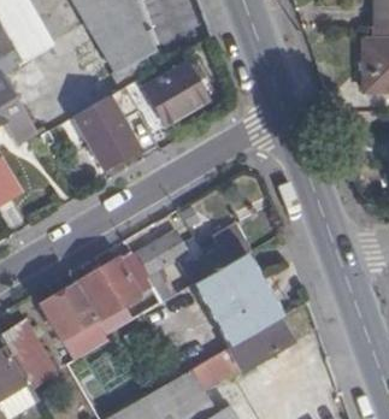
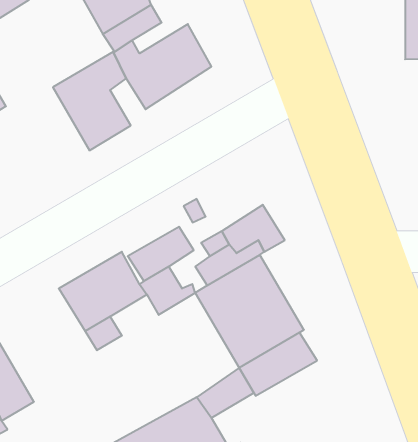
building: [41,283,110,359] -> none

